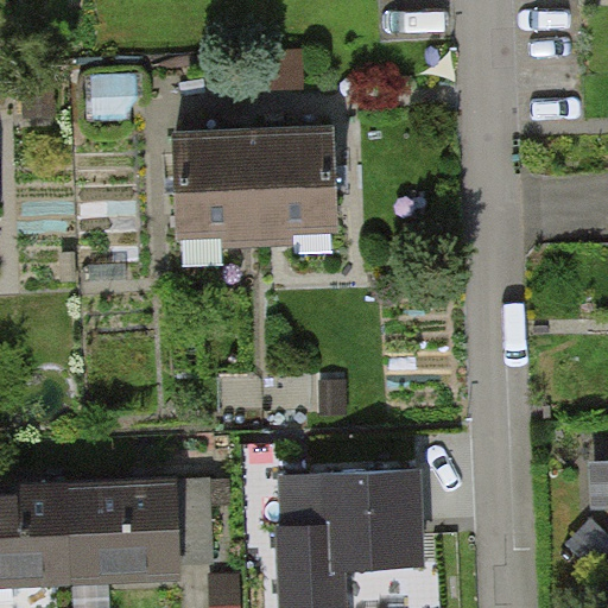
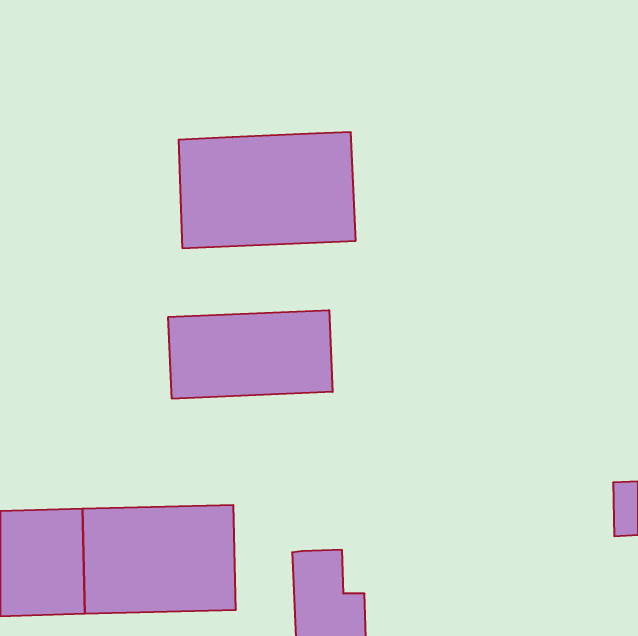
building: none -> [168,310,333,399]
building: [285,473,422,566] -> none

